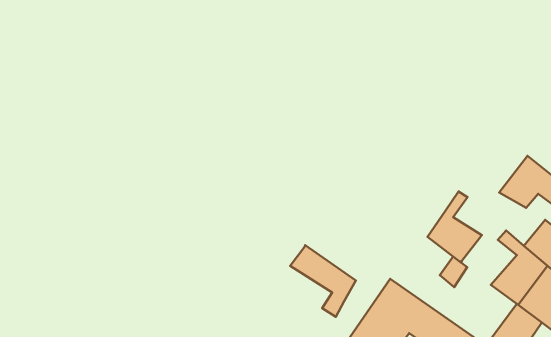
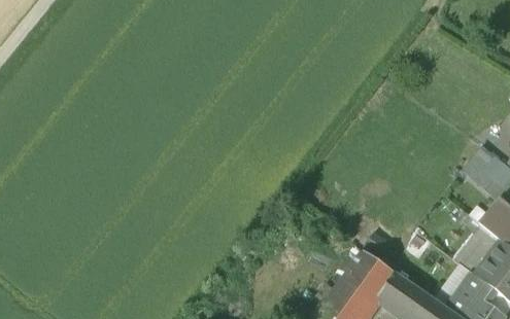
building: [427,191,482,262] -> none
building: [290,245,356,317] -> none

